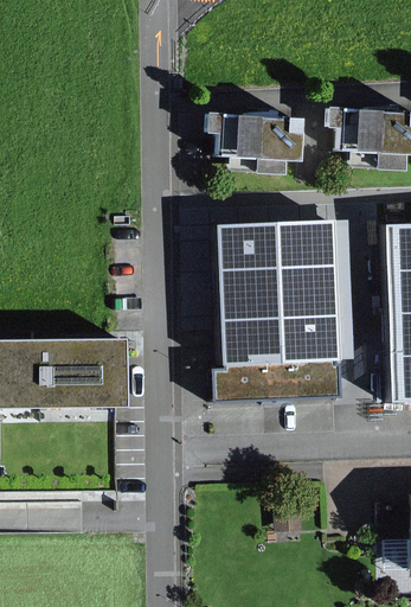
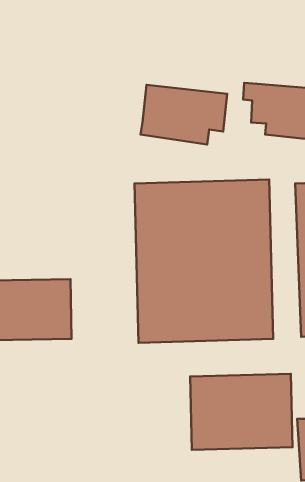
building: none -> [190,374,293,450]

